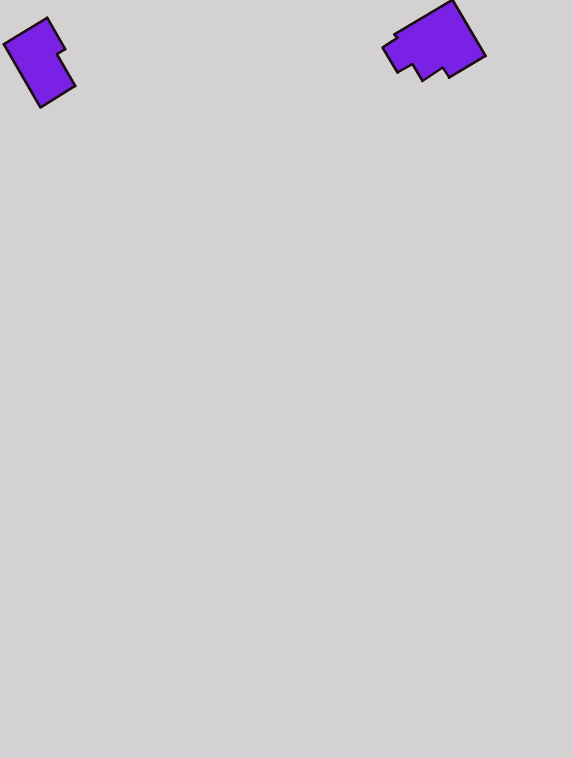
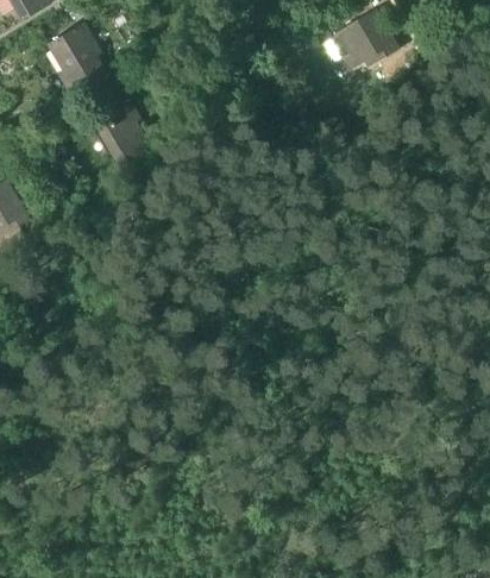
building: none -> [94,98,149,164]

